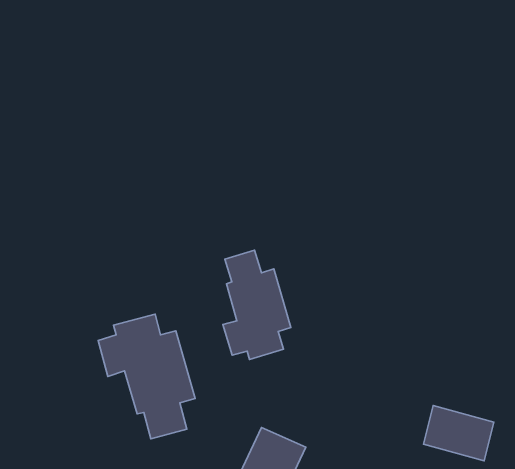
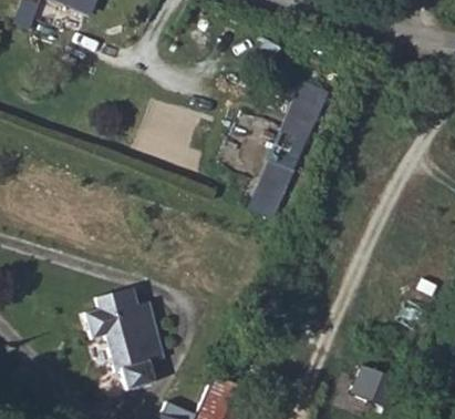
building: none -> [248,80,323,219]
building: [223,250,291,360] -> none

